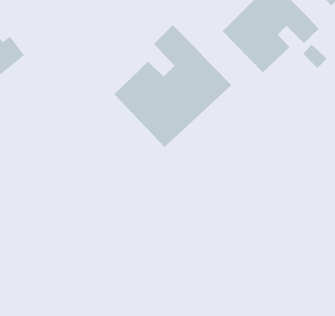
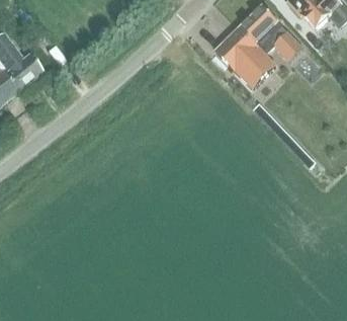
building: [114,24,232,148] -> none

